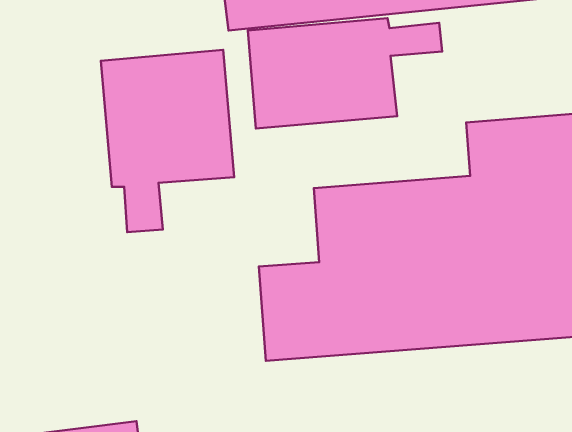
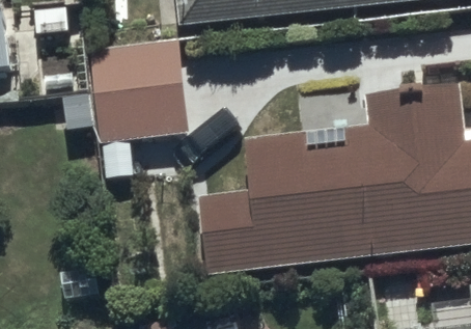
building: [248,18,442,129] -> none

